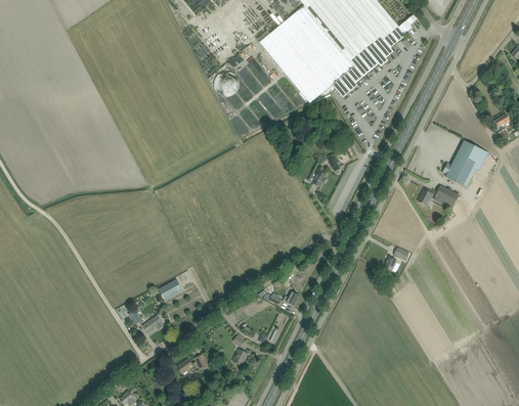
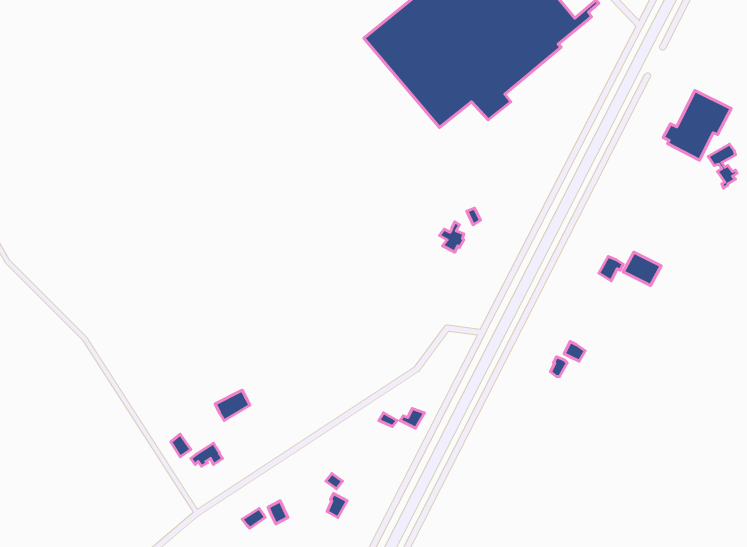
building: [442,140,488,187] -> [663,90,731,160]

